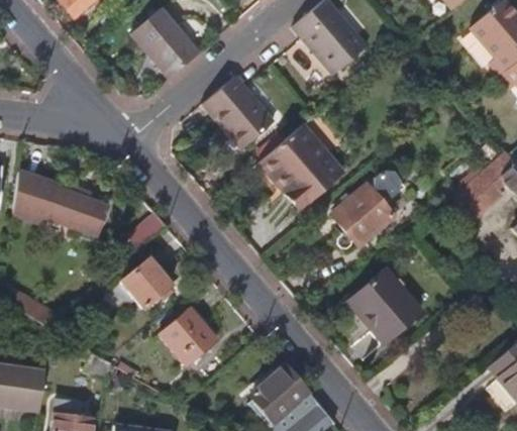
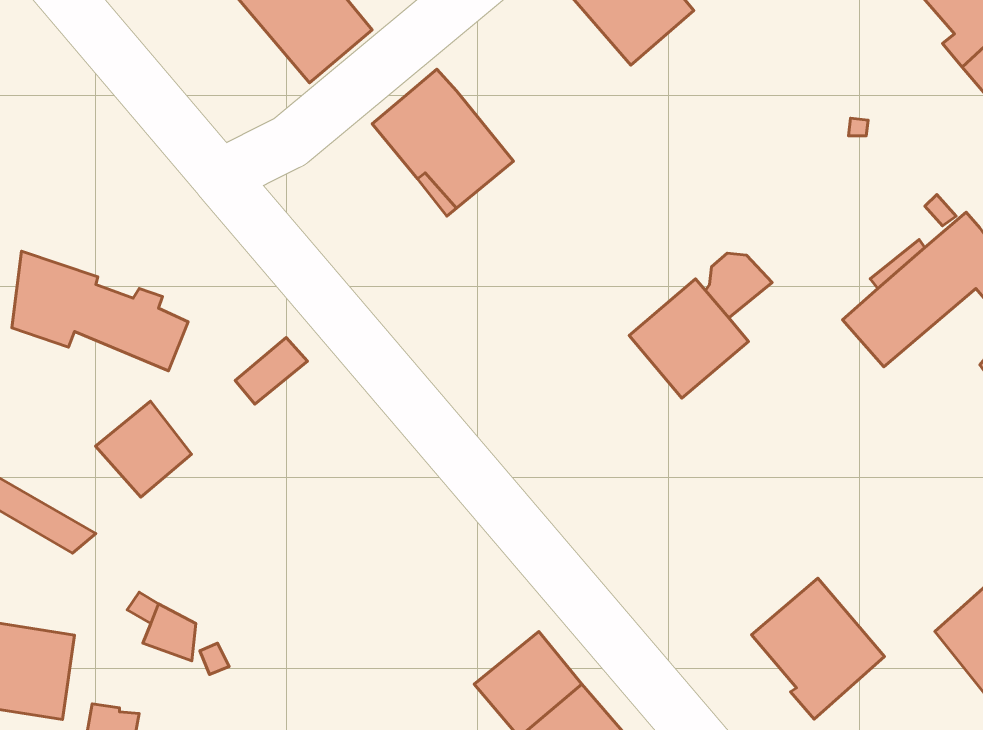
building: [261,125,341,206] -> none
building: [124,254,174,304] -> [96,401,192,497]
building: [350,271,419,343] -> [751,578,885,719]
building: [159,308,217,365] -> none

